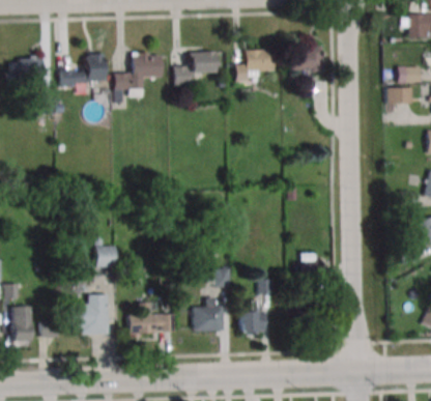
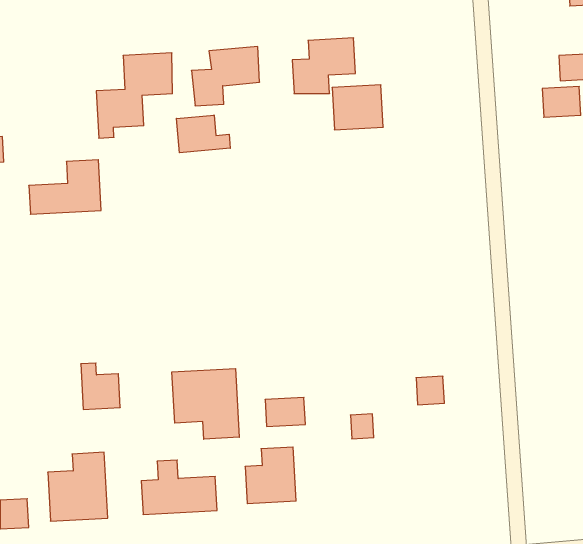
building: [292,47,322,73] -> [332,85,383,130]
building: [60,54,104,85] -> [29,160,101,214]
building: none -> [176,115,230,153]
building: none -> [172,369,239,439]
building: [240,302,263,334] -> none

